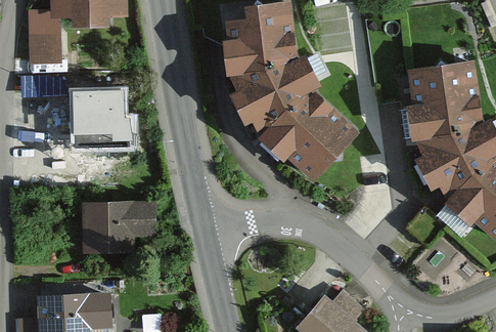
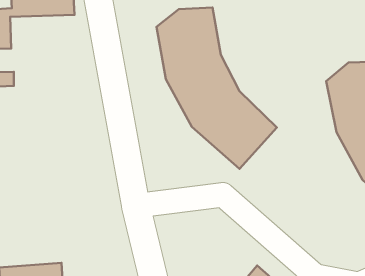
building: [78,91,129,140] -> none
building: [91,200,161,250] -> none

